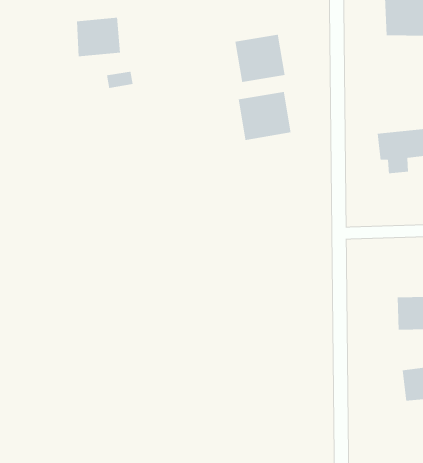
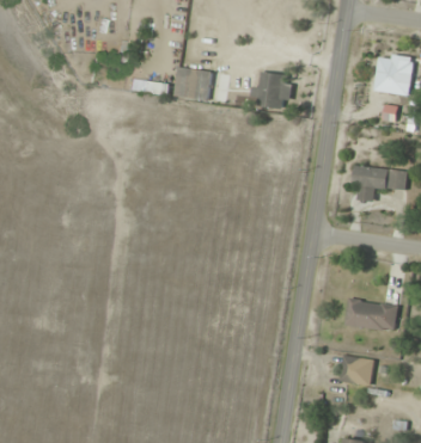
building: [76,17,121,57] -> [172,68,209,99]
building: [238,91,291,141] -> none

